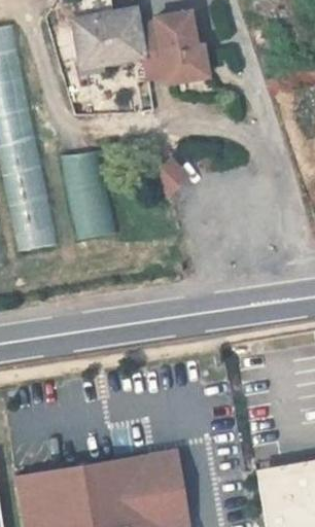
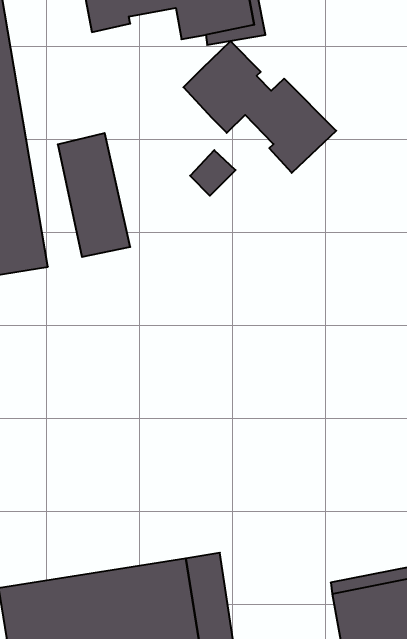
building: none -> [183,41,336,173]

